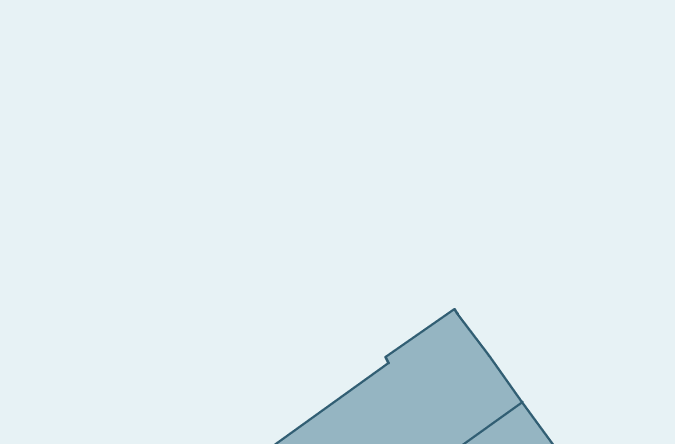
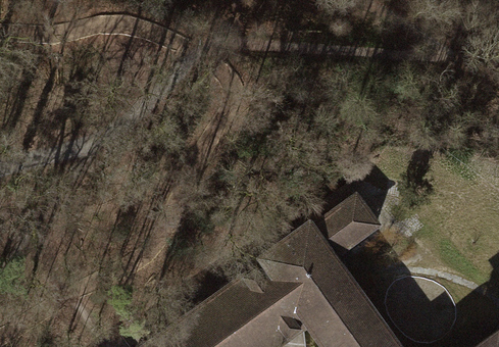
building: none -> [313,197,379,257]

